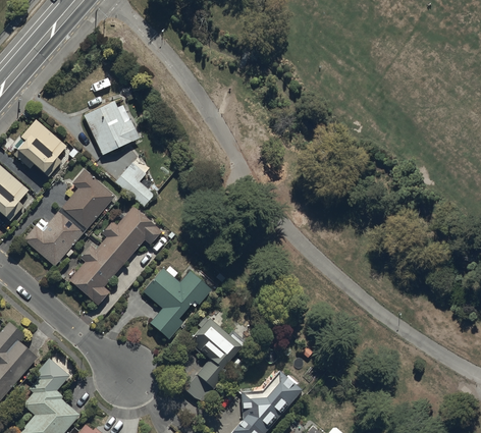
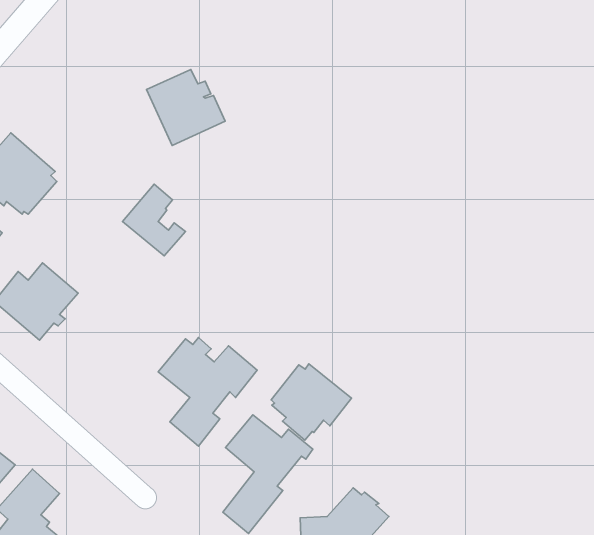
building: [83,101,139,155] -> [146,70,225,145]
building: [59,169,115,229] -> none
building: [68,207,162,307] -> none
building: none -> [271,364,352,440]

